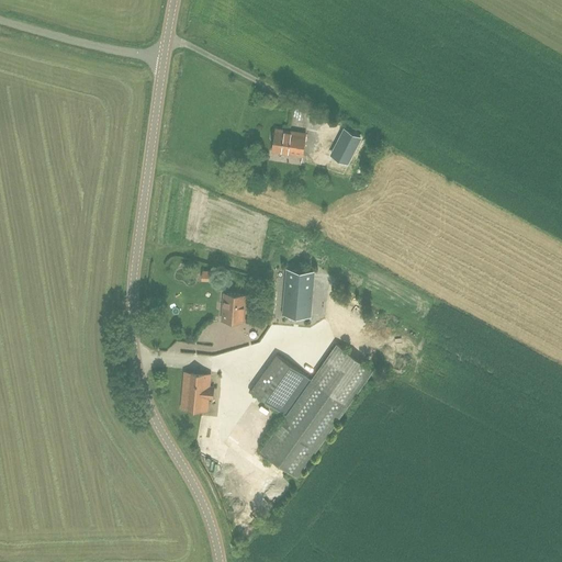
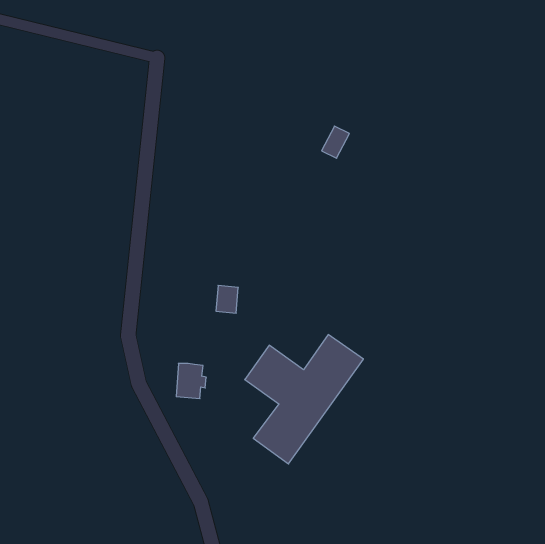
building: [270,132,305,158] -> none
building: [282,271,313,317] -> none

